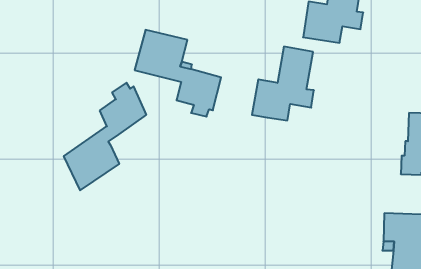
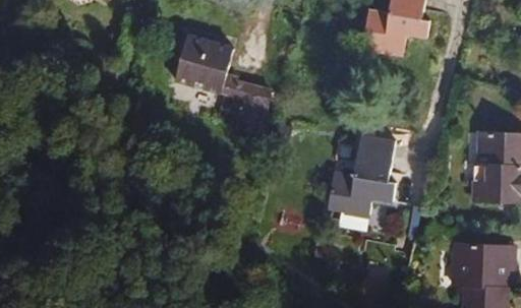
building: [252,47,314,120] -> [327,133,396,215]
building: [64,83,146,190] -> none

